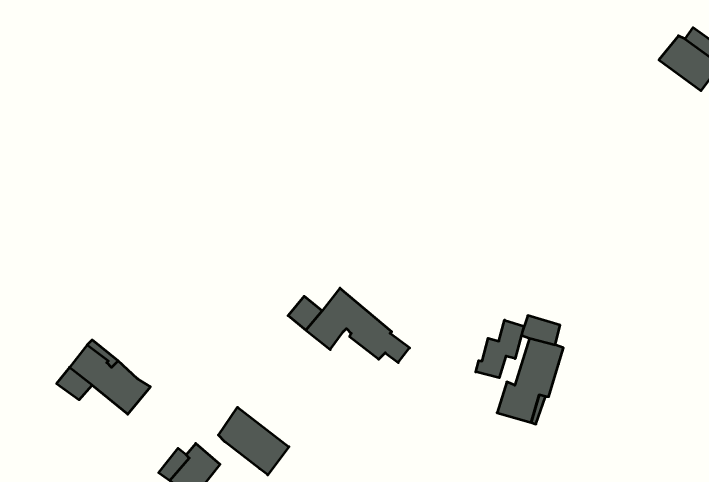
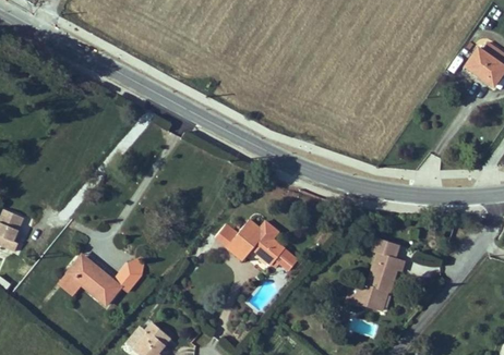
building: [476,320,524,378] -> none
building: none -> [113,258,144,291]
building: [218,407,289,475] -> none

